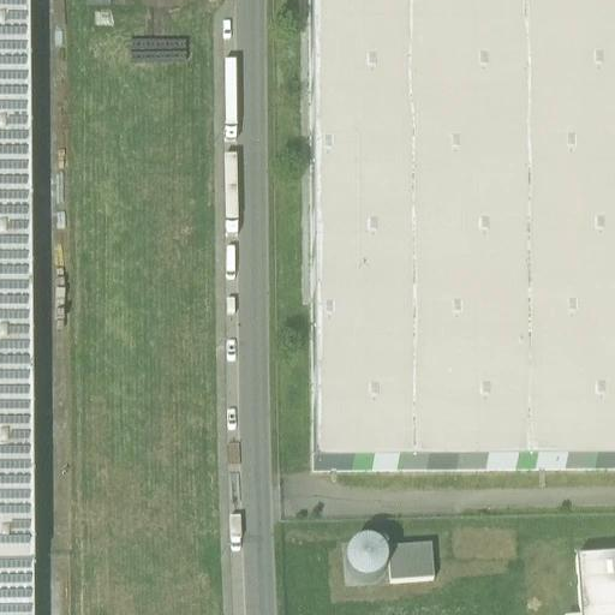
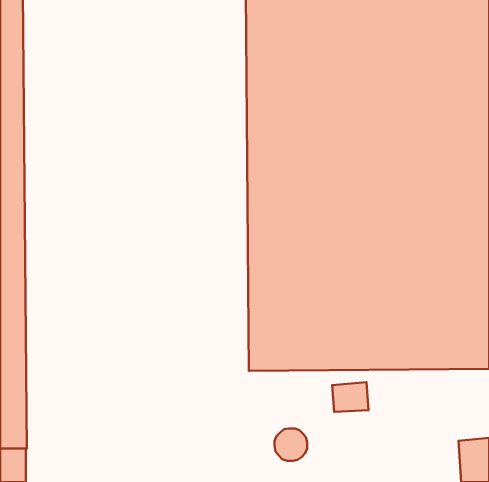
building: [388,539,434,577] -> [332,382,368,412]

